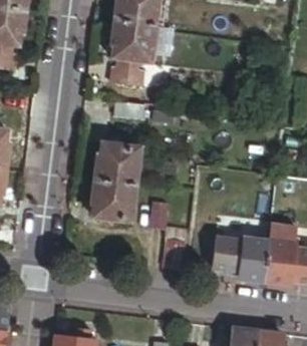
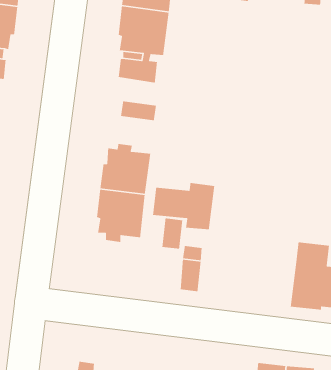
building: [212,239,267,281] -> [152,182,215,230]

